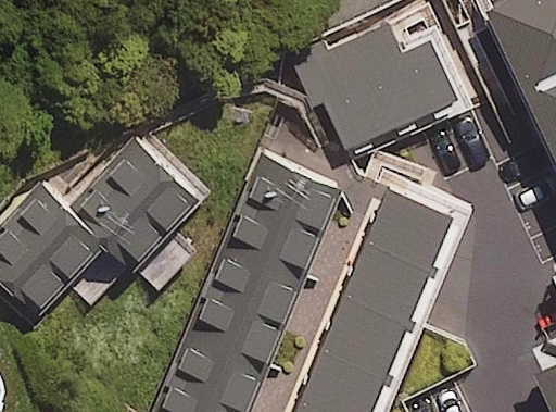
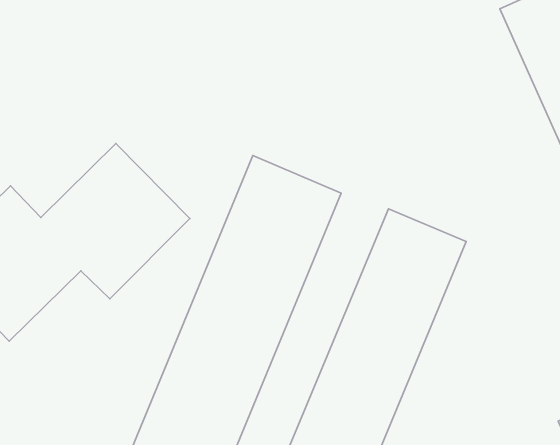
building: [303,20,459,149] -> none

